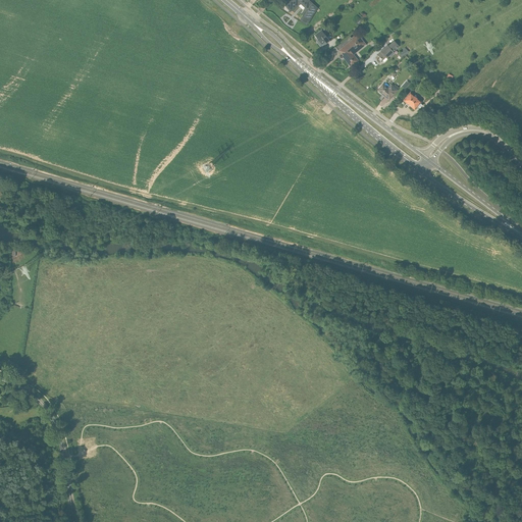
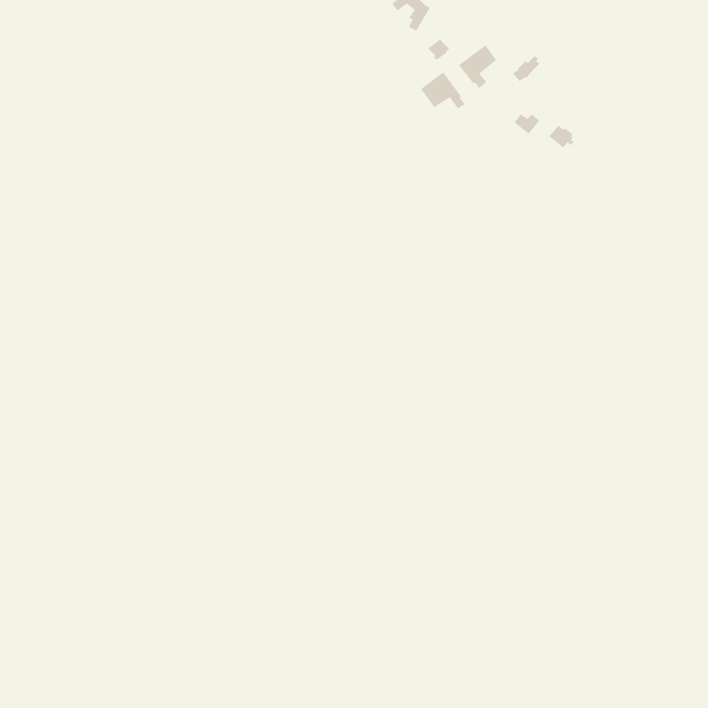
building: none -> [420,71,465,109]

